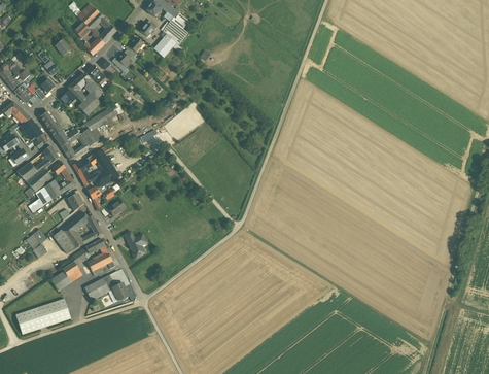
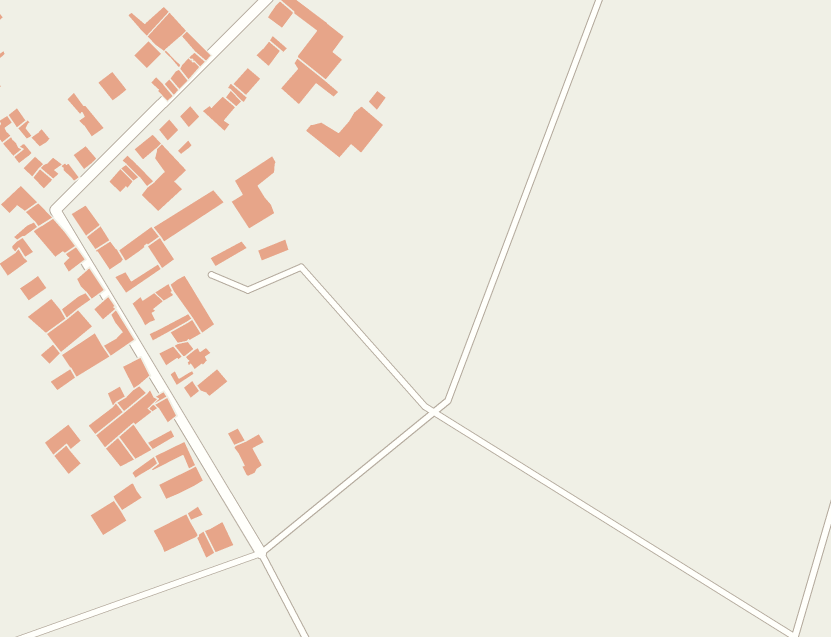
building: none -> [305,105,384,159]
building: none -> [230,155,276,230]
building: [15,299,71,334] -> none

